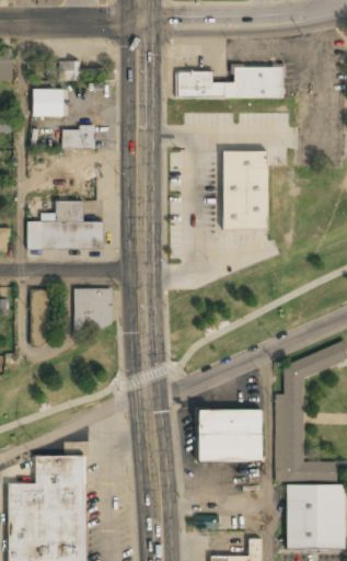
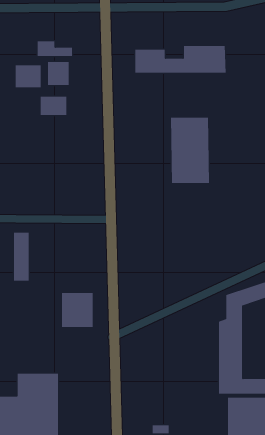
building: none -> [47,61,69,86]
building: [27,199,103,250] -> none
building: [73,288,112,330] -> [61,292,94,327]
building: [196,409,262,462] -> none

